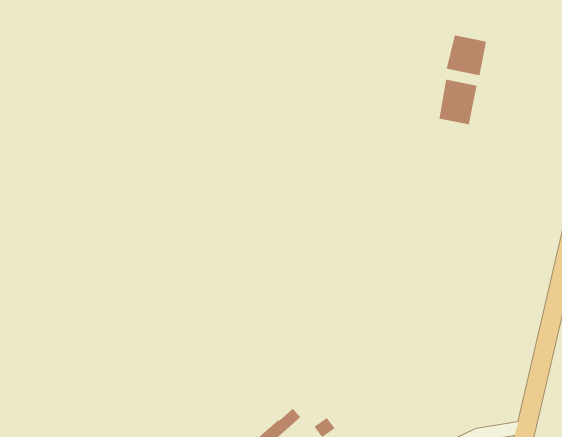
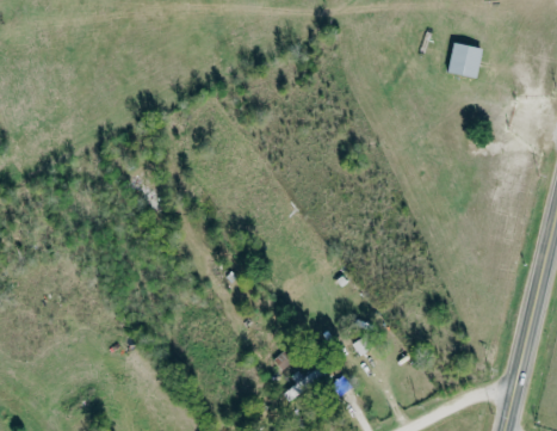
building: [439,79,477,125] -> none

